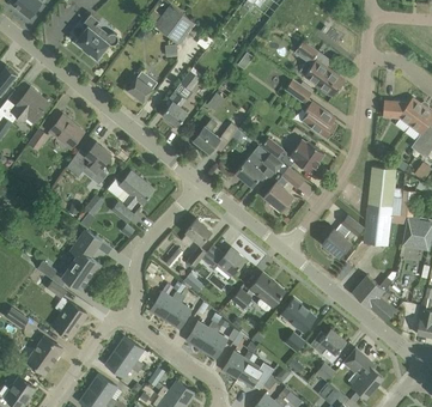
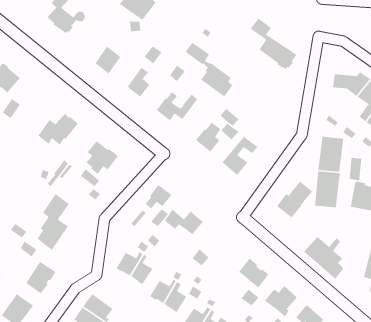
building: [284,79,336,139] -> [184,42,234,98]
building: [49,115,81,148] -> none
building: [288,139,323,172] -> none
building: [249,273,284,309] -> none

